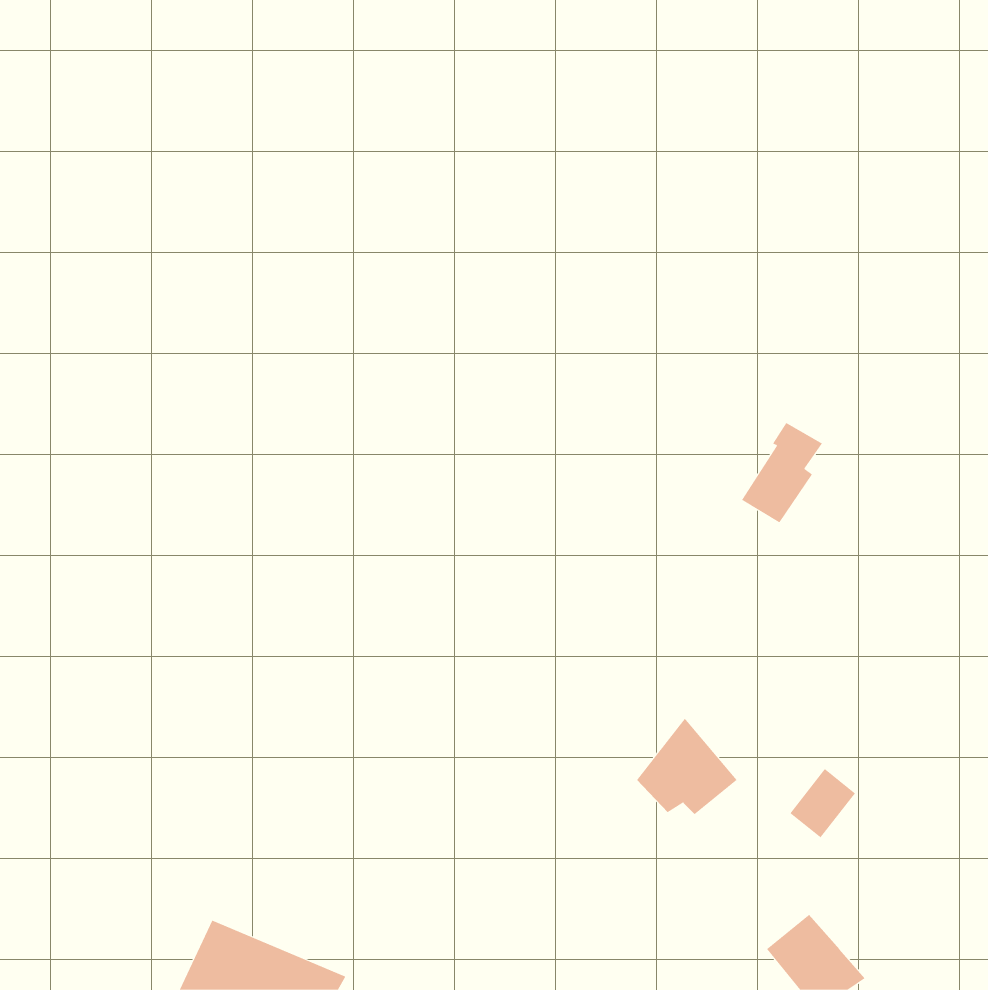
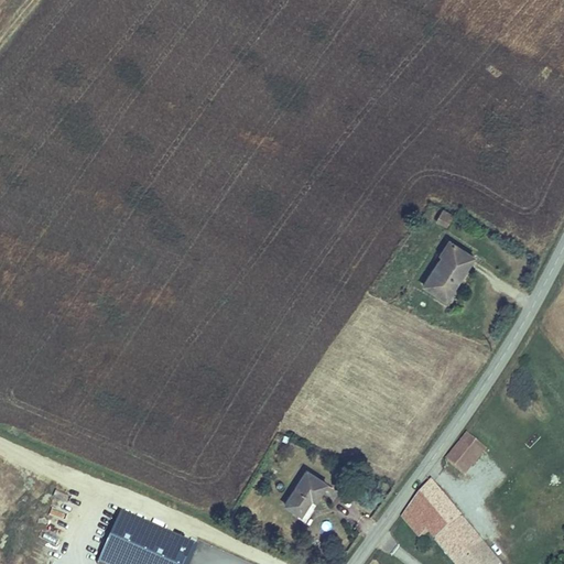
building: [636,718,737,815] -> [404,482,462,538]
building: none -> [283,473,323,518]

